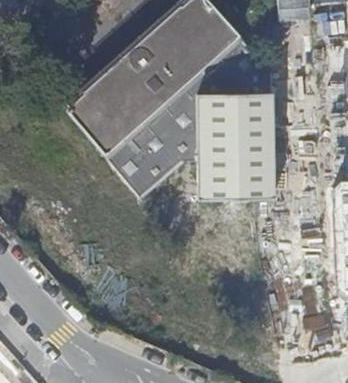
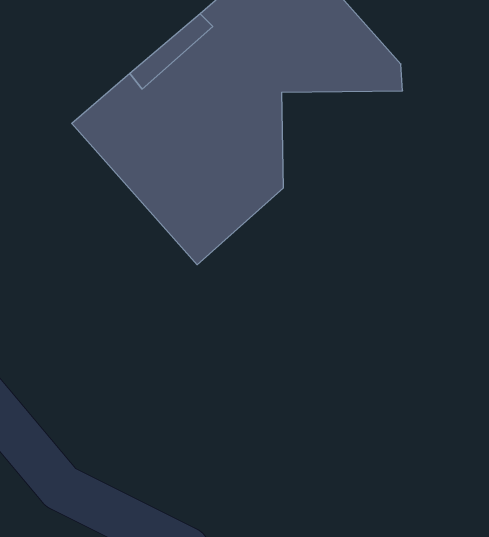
building: [195,86,273,197] -> none

